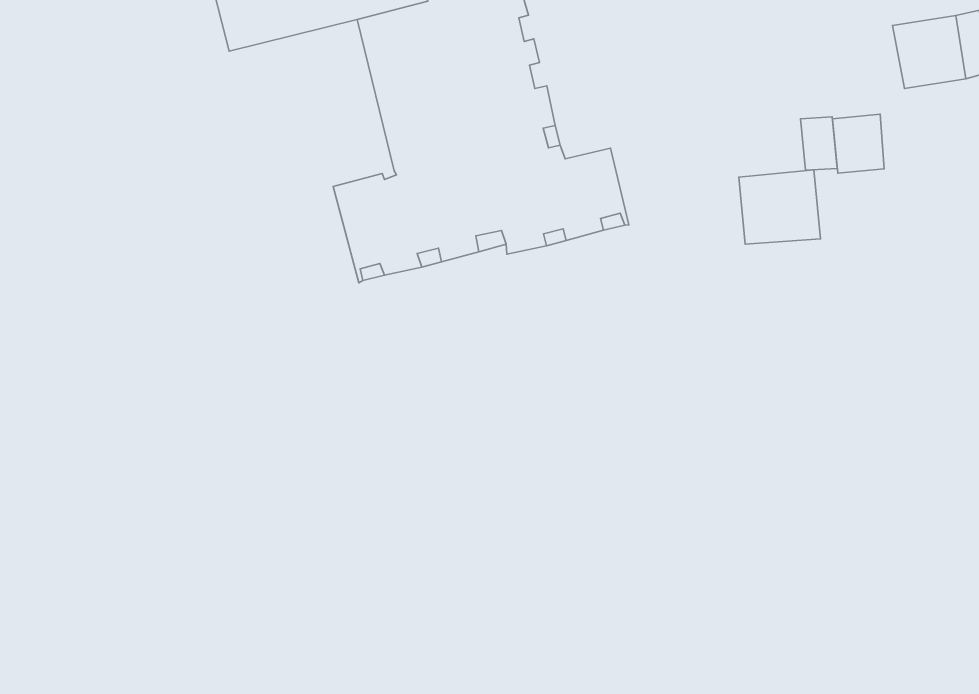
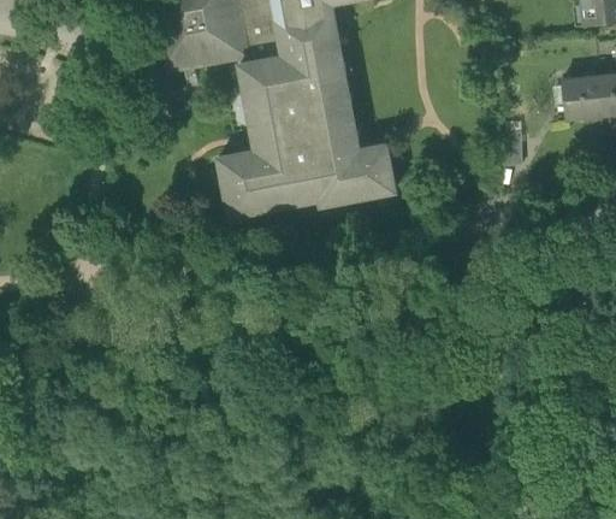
building: [832,114,884,173] -> none
building: [739,170,820,244] -> none

